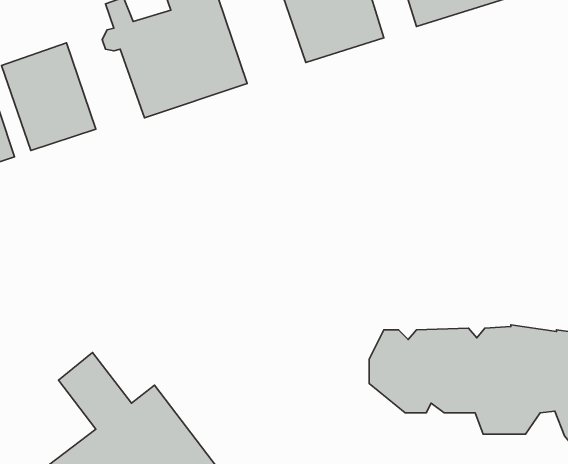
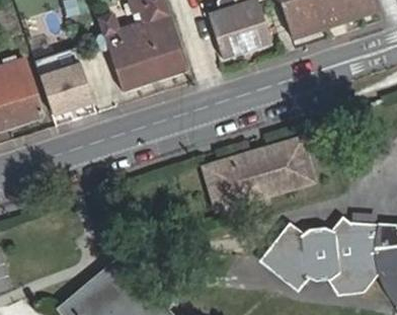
building: none -> [204,138,311,207]

